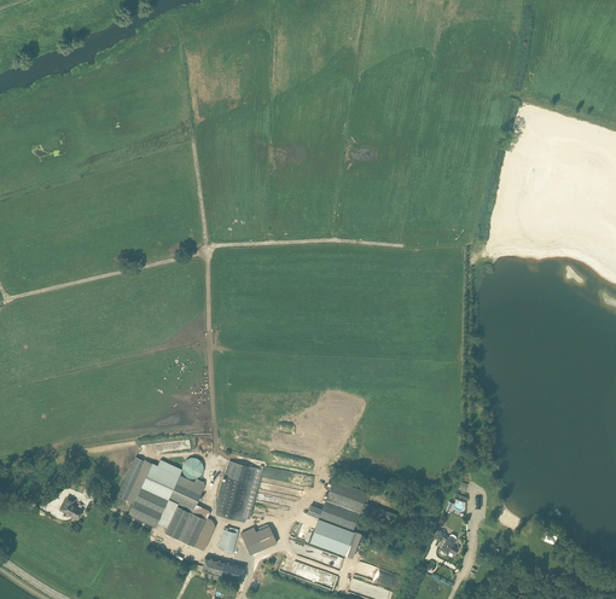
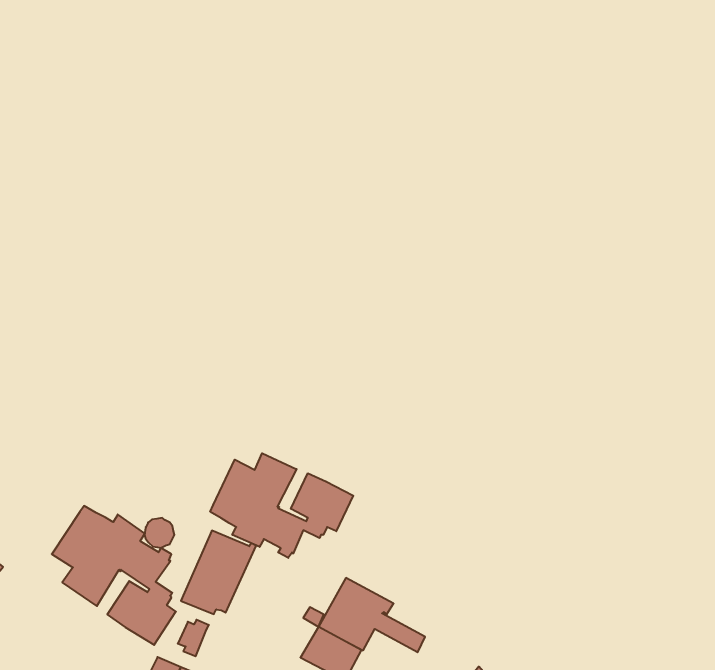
building: none -> [210,453,353,558]
building: [240,525,278,554] -> none

